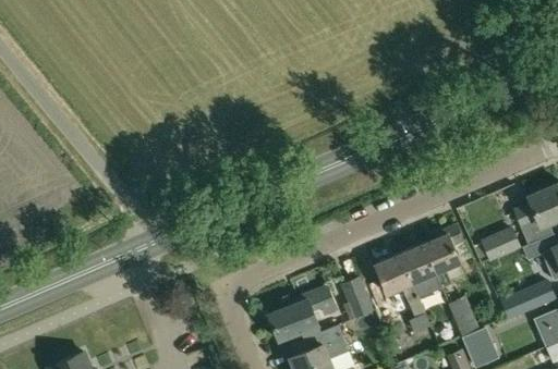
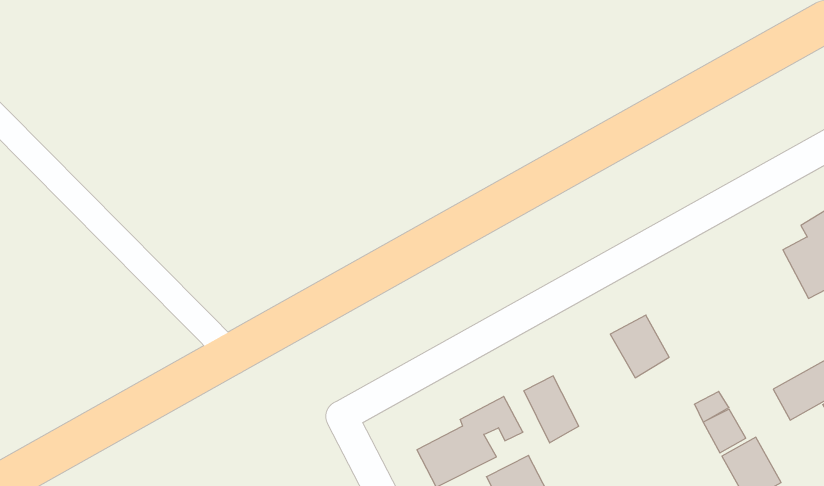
building: [423,223,463,287] -> none
building: [480,226,520,261] -> none
building: [375,254,433,341] -> none

